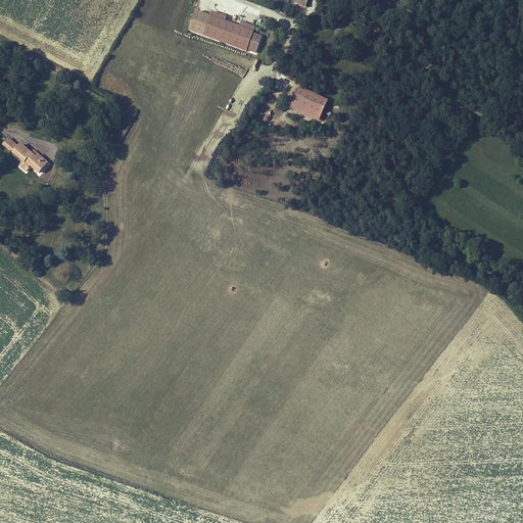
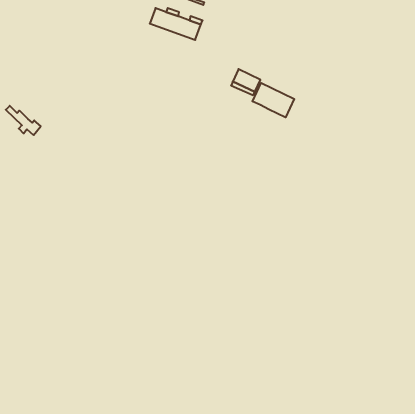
building: none -> [252,83,294,117]

